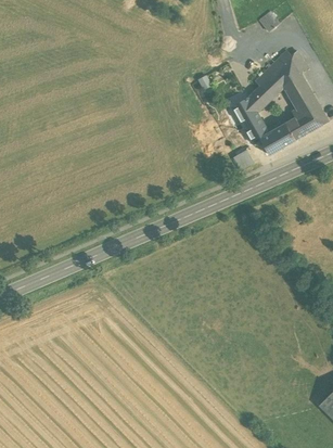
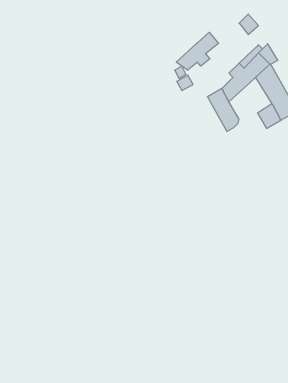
building: none -> [176,32,219,70]
building: [260,124,295,155] -> none

